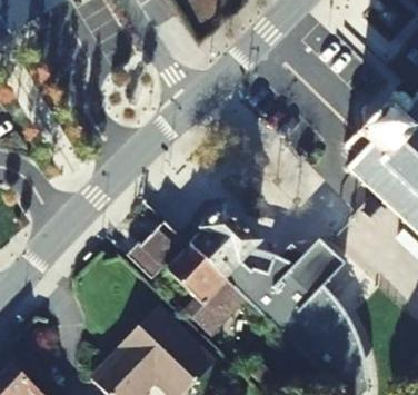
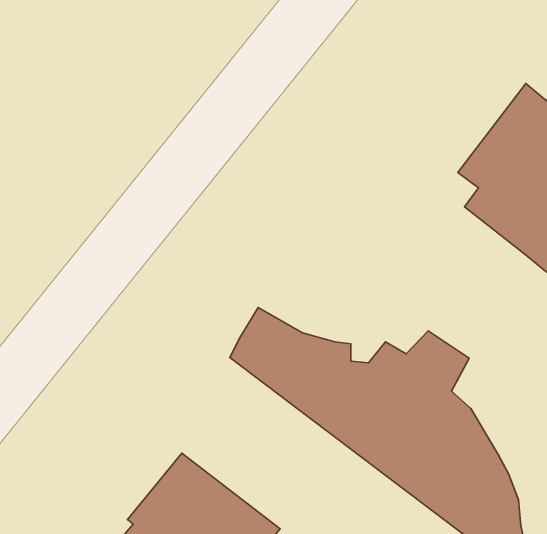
building: [125,221,246,336] -> none

